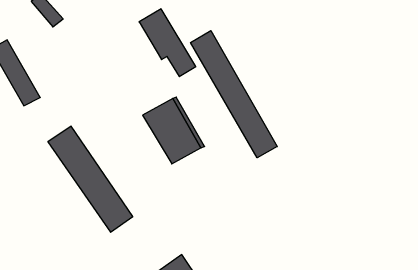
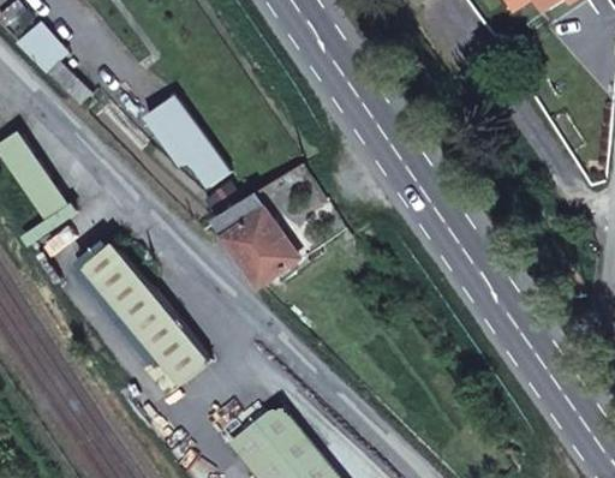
building: [139,9,196,77] -> [142,96,225,187]
building: [191,31,277,158] -> none

